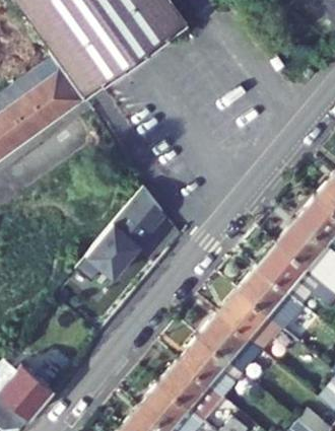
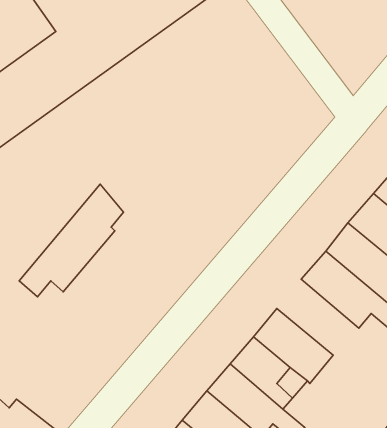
building: [76,188,162,281] -> [19,184,123,297]
building: [236,265,310,342] -> none

